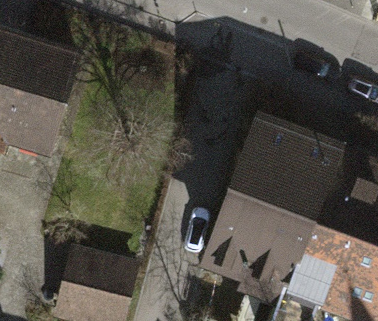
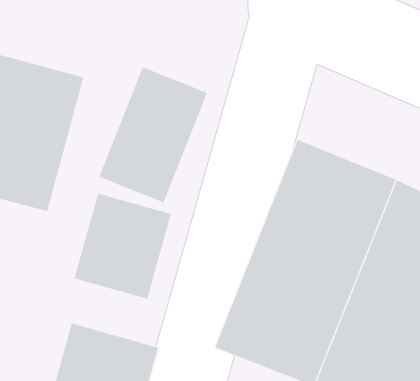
building: none -> [99,66,208,203]
building: none -> [74,193,171,299]

